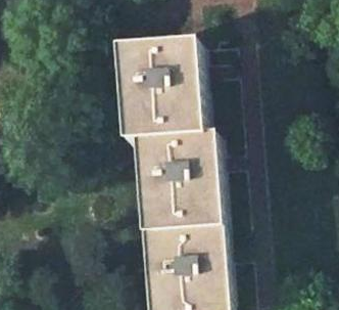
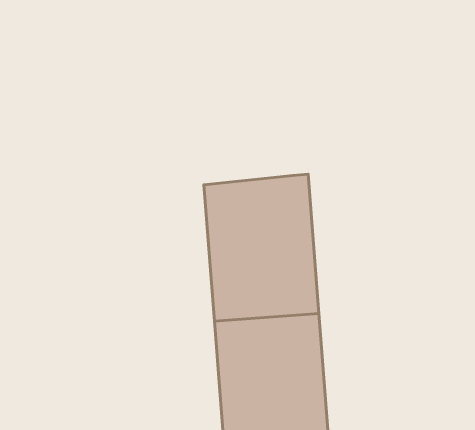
building: [122,43,198,141] -> none

